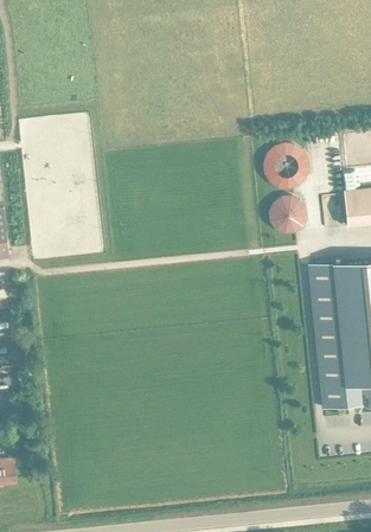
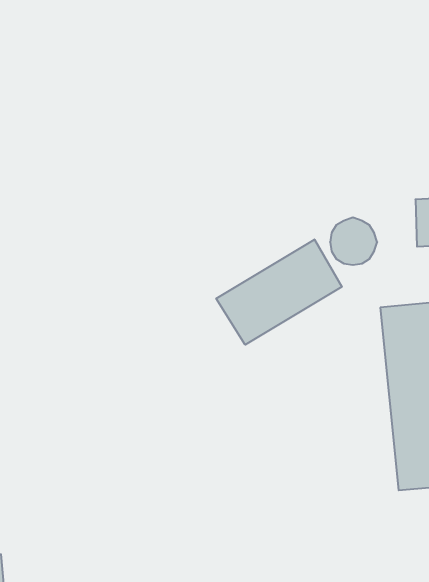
building: [264,145,308,188] -> none
building: none -> [216,239,342,345]

